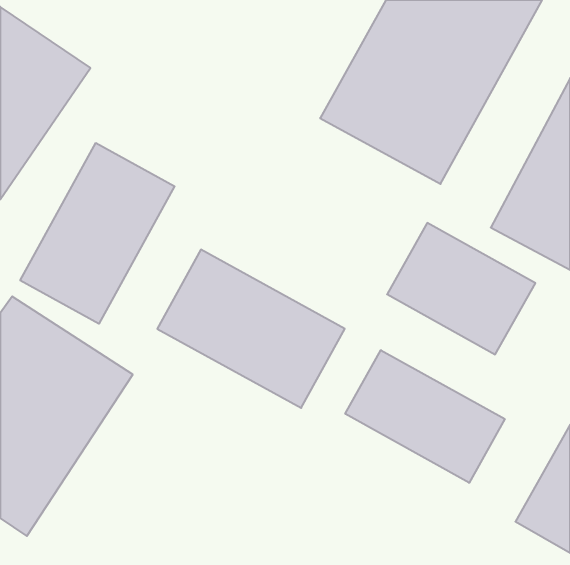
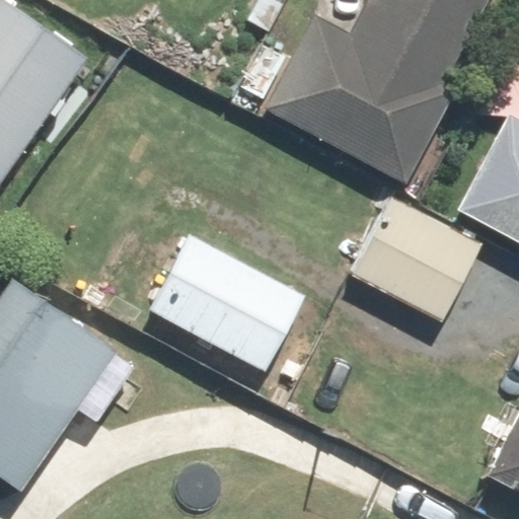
building: [20,143,175,324] -> none
building: [345,350,505,483] -> none

